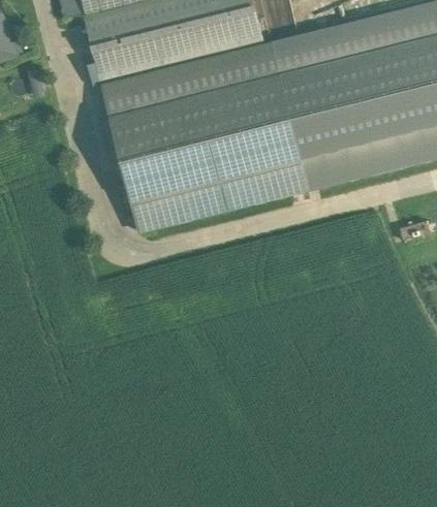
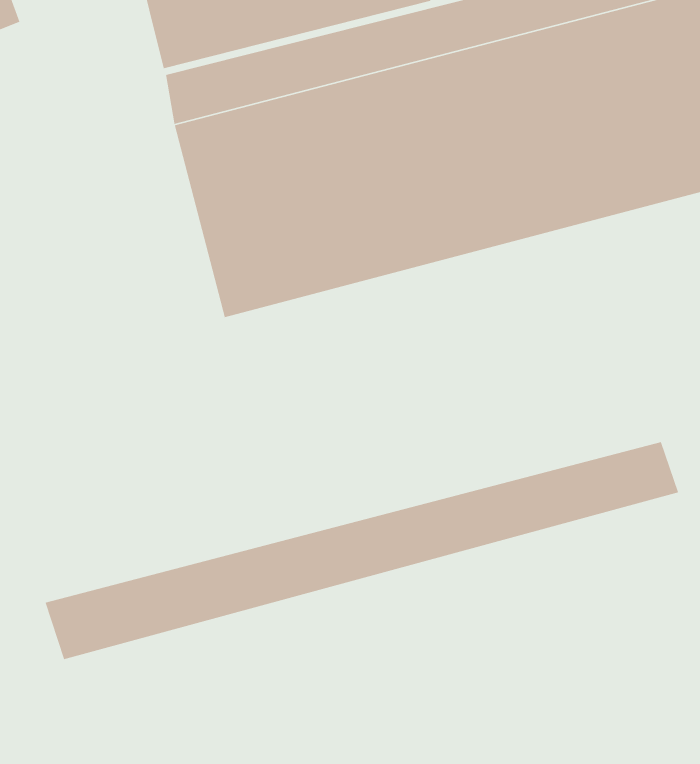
building: none -> [44,441,679,660]

